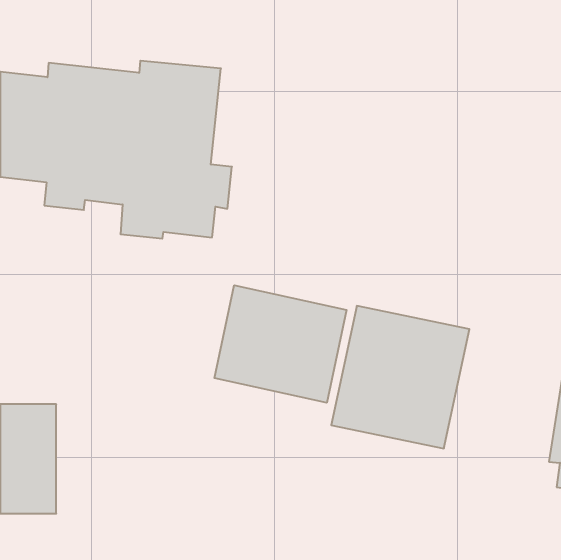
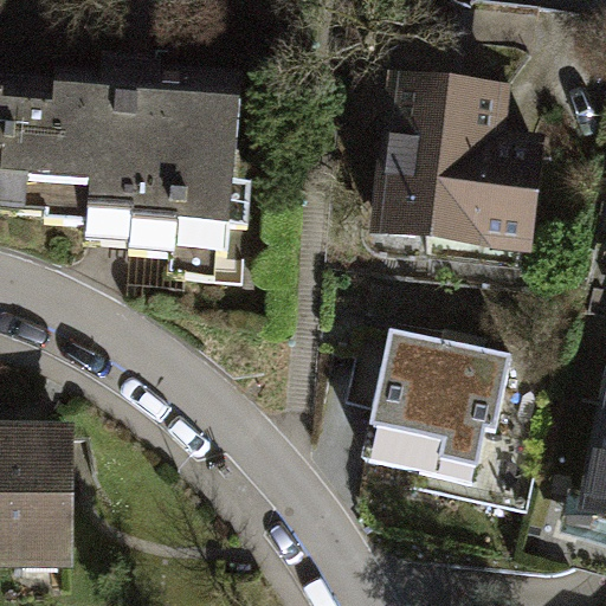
building: none -> [381,77,542,264]
building: [214,285,347,403] -> none

